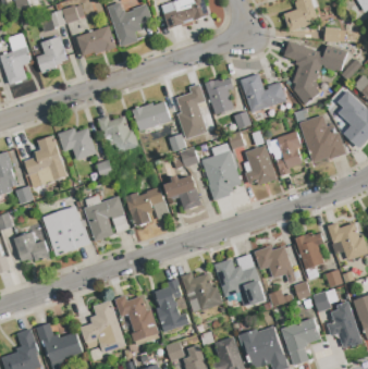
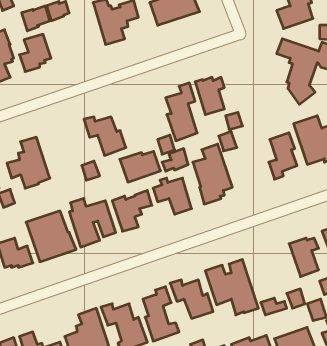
building: [76,26,115,56] -> none
building: [241,74,286,113] -> none
building: [132,102,171,132] -> [120,151,161,182]
building: [58,128,96,160] -> none
building: [245,146,275,185] -> none
building: [254,247,295,283] -> none

